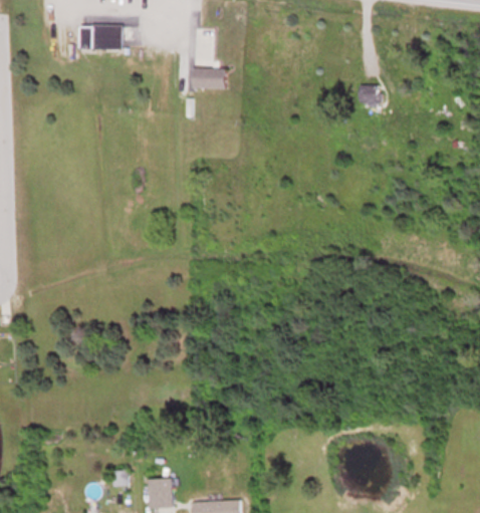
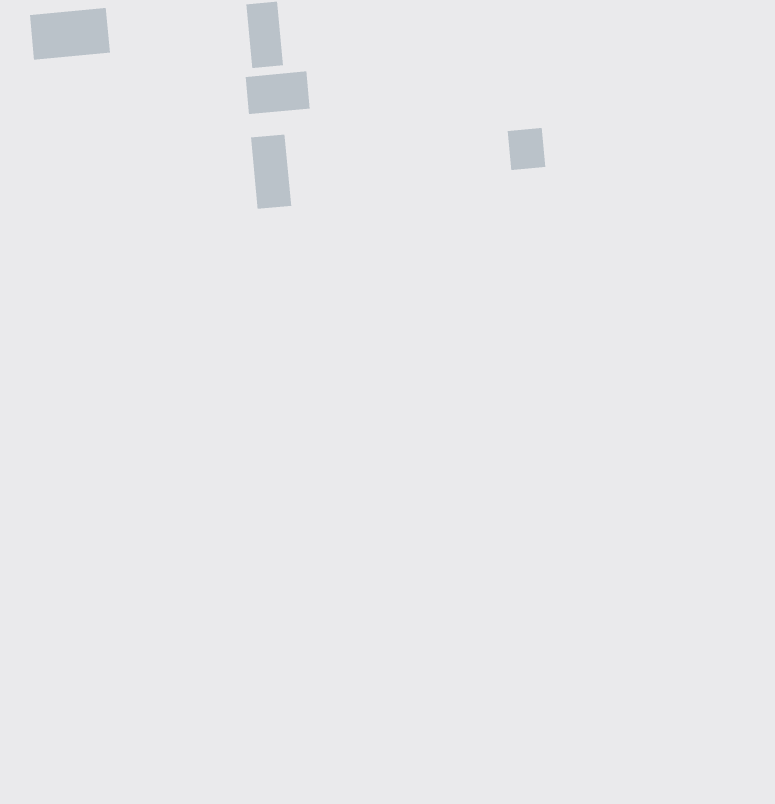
building: [359,85,379,106] -> [507,128,546,171]
building: none -> [250,134,292,210]

